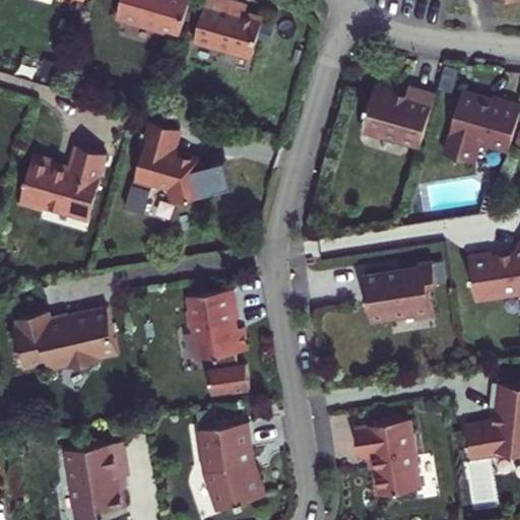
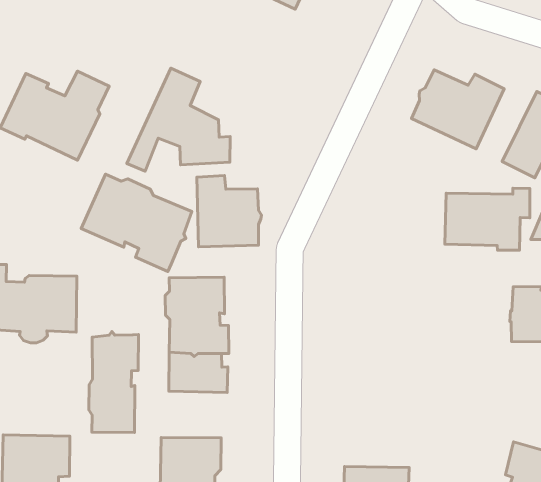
building: none -> [197,176,262,247]
building: none -> [81,174,192,272]
building: [363,260,436,318] -> [445,188,530,250]
building: none -> [89,331,139,432]

